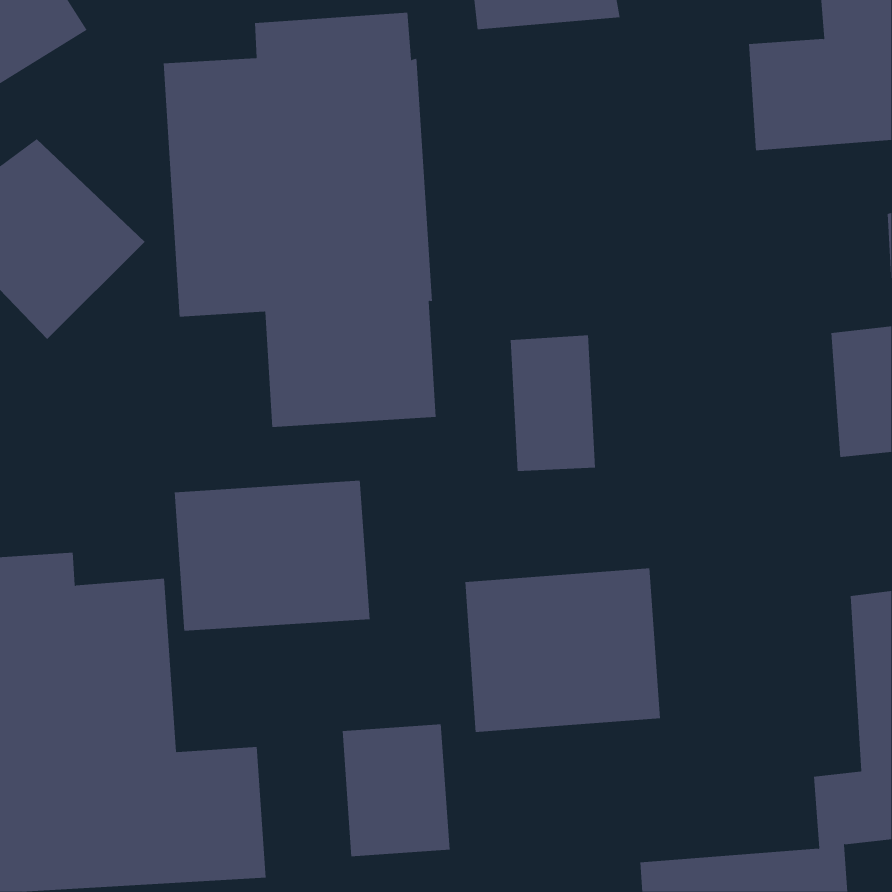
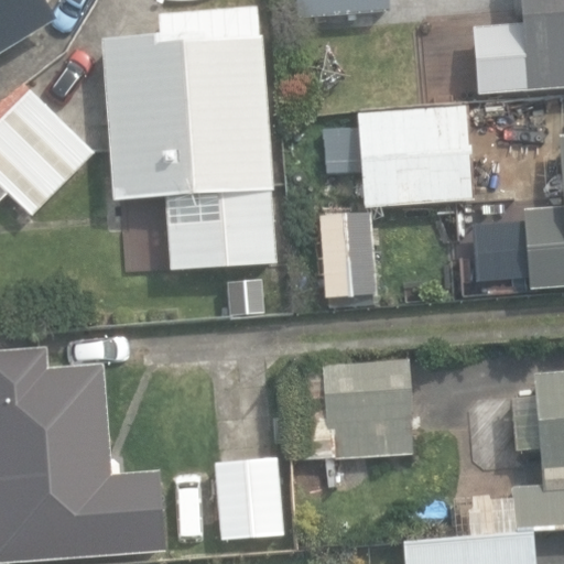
building: none -> [357,102,475,208]
building: [174,480,370,632] -> none

